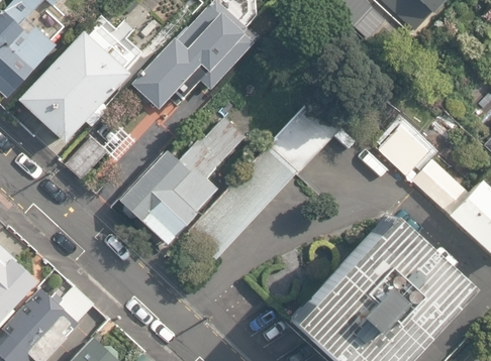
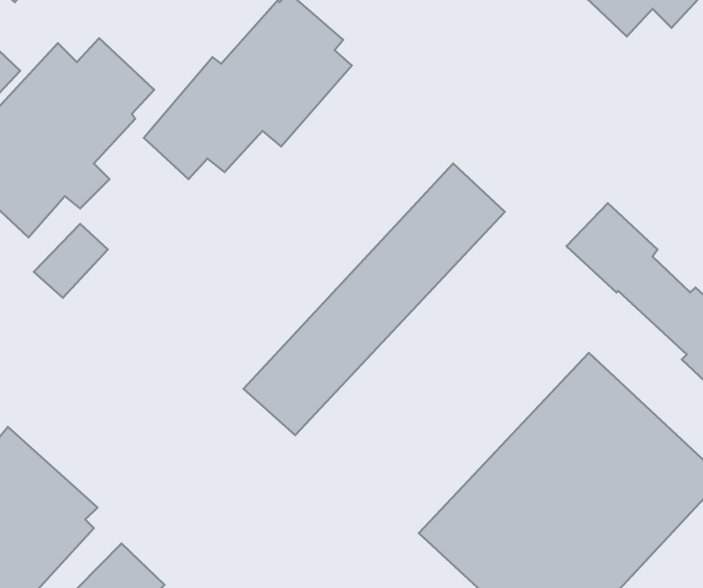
building: [117,116,245,247] -> none

